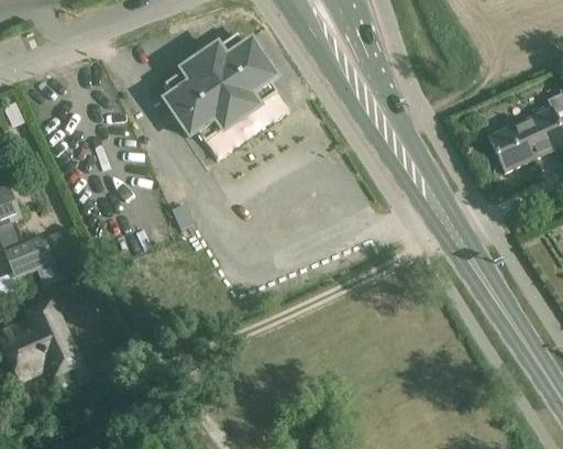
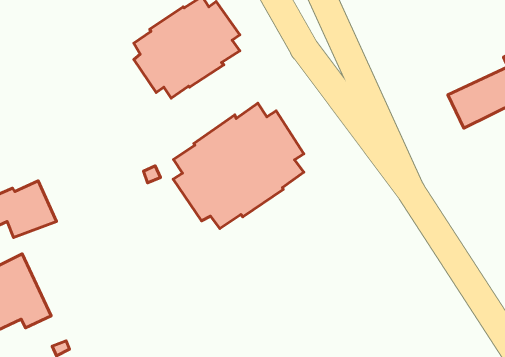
building: none -> [173,103,304,229]

